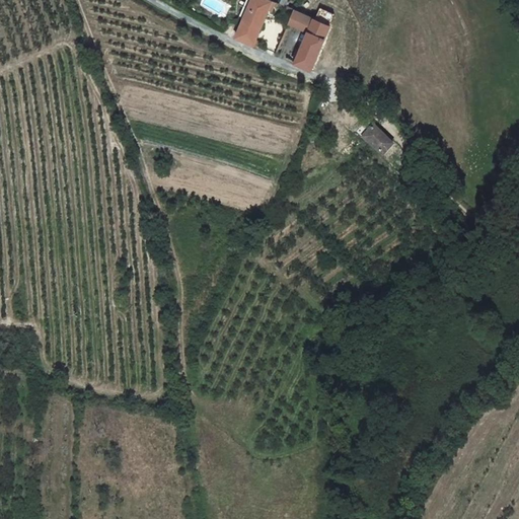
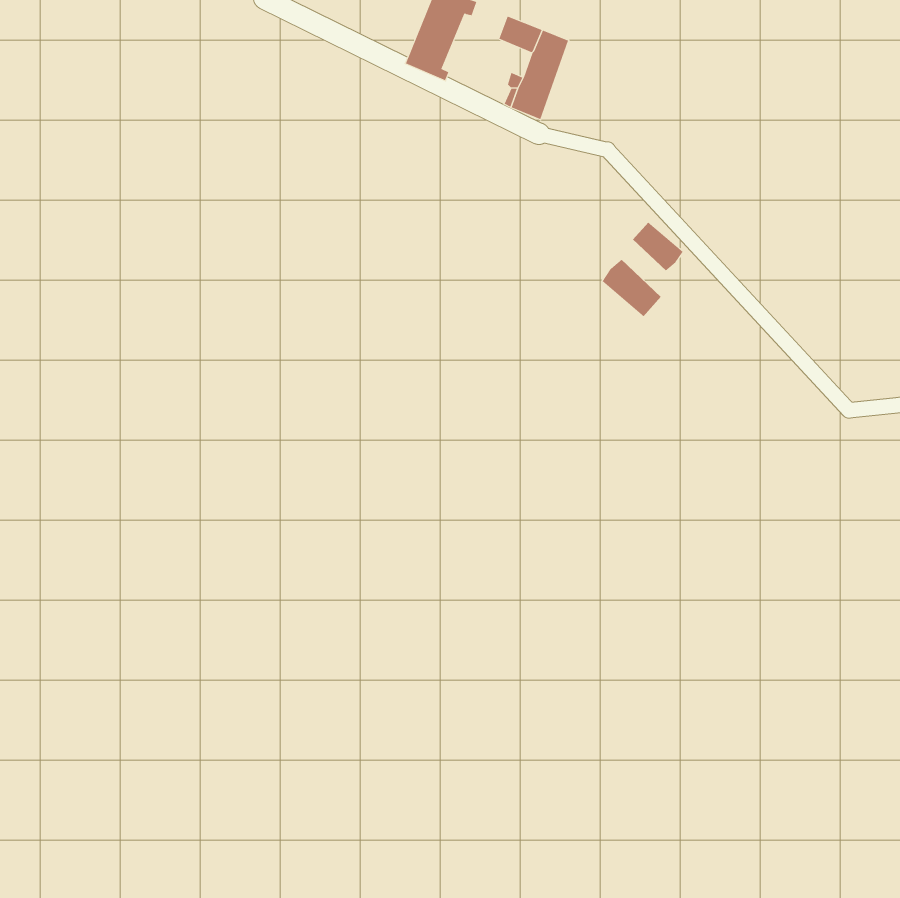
building: none -> [602,259,662,317]

